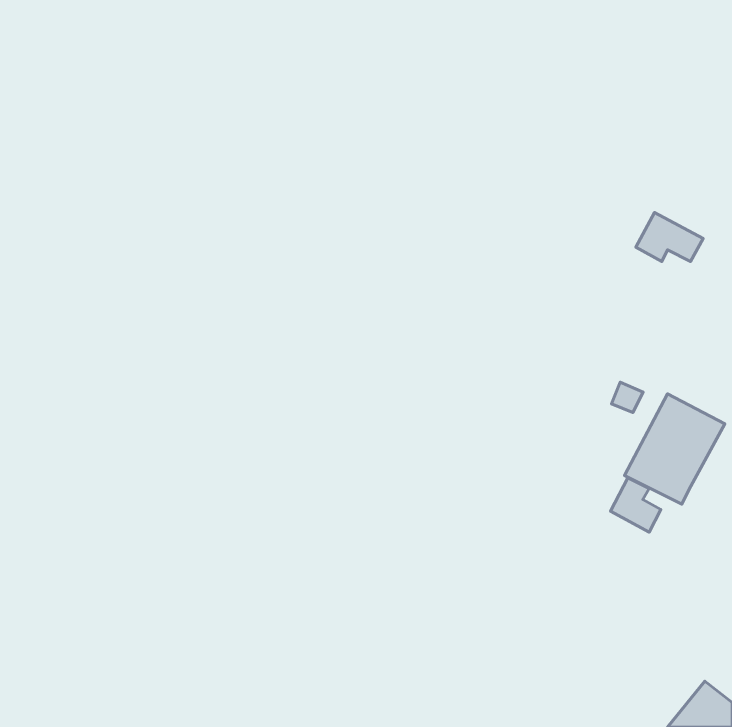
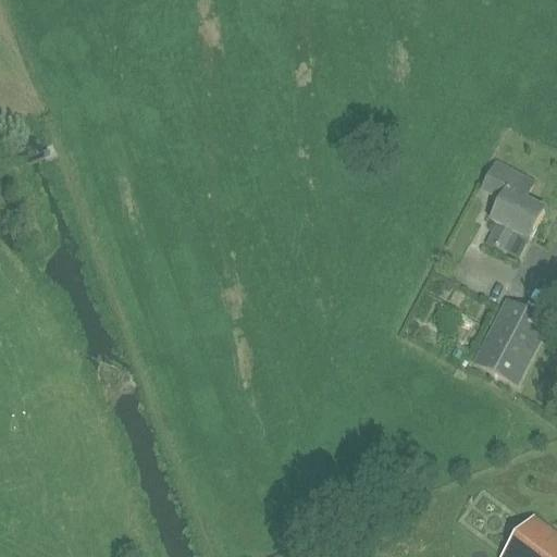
building: none -> [486,189,544,250]
building: [610,478,661,532] -> none

